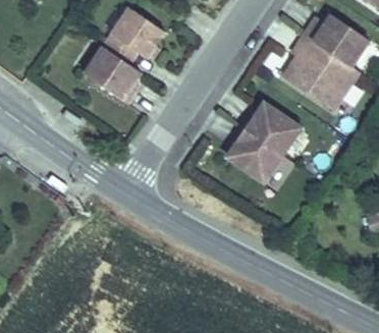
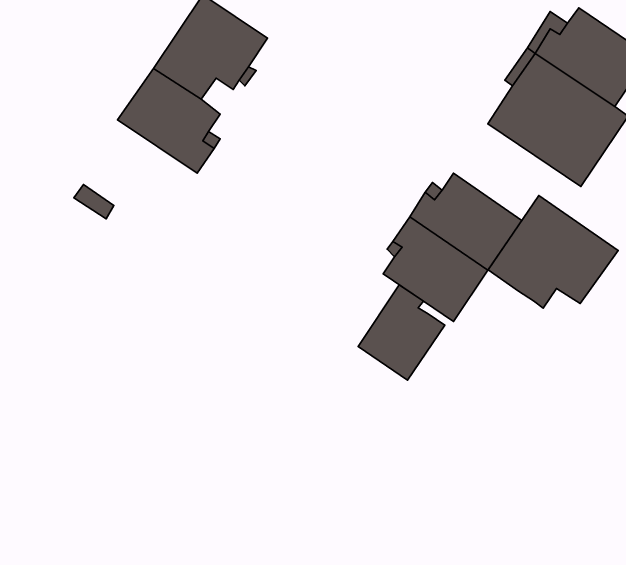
building: none -> [488,196,618,308]
building: none -> [358,285,445,380]

